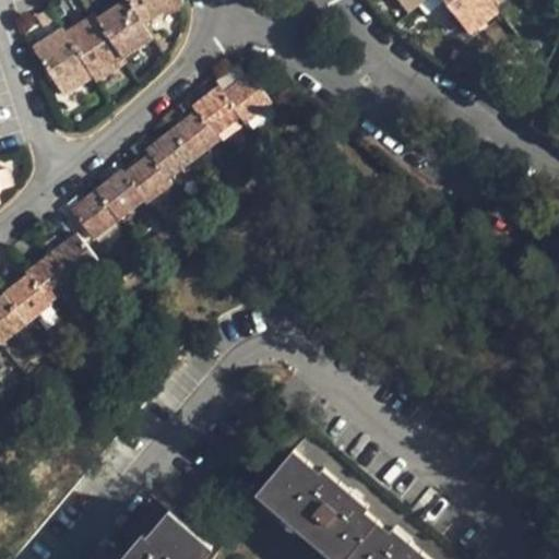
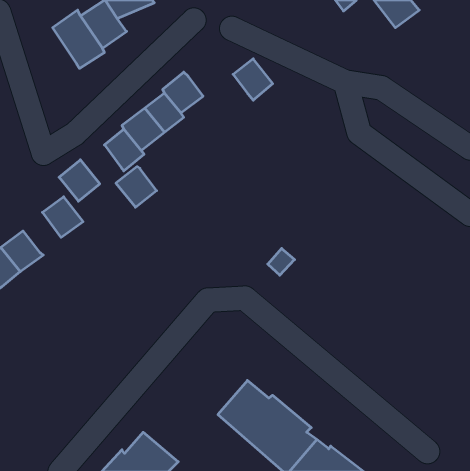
building: [31,28,91,96] -> none
building: [223,73,270,122] -> [233,59,273,100]
building: [95,170,143,218] -> [116,167,157,207]
building: [24,252,72,300] -> none

